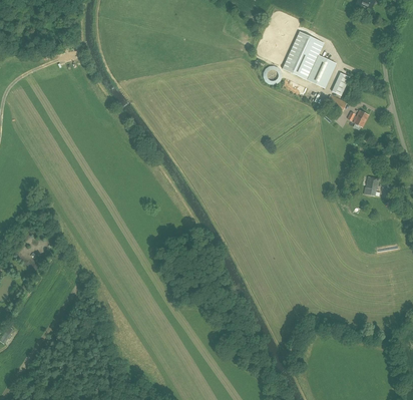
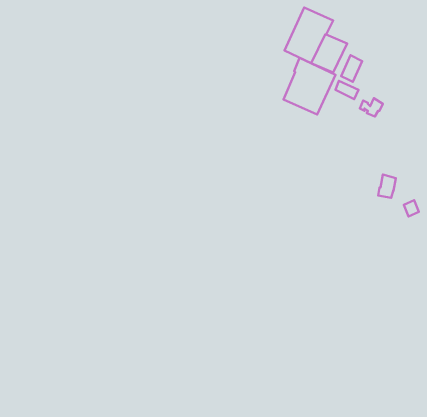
building: none -> [283,58,336,115]

